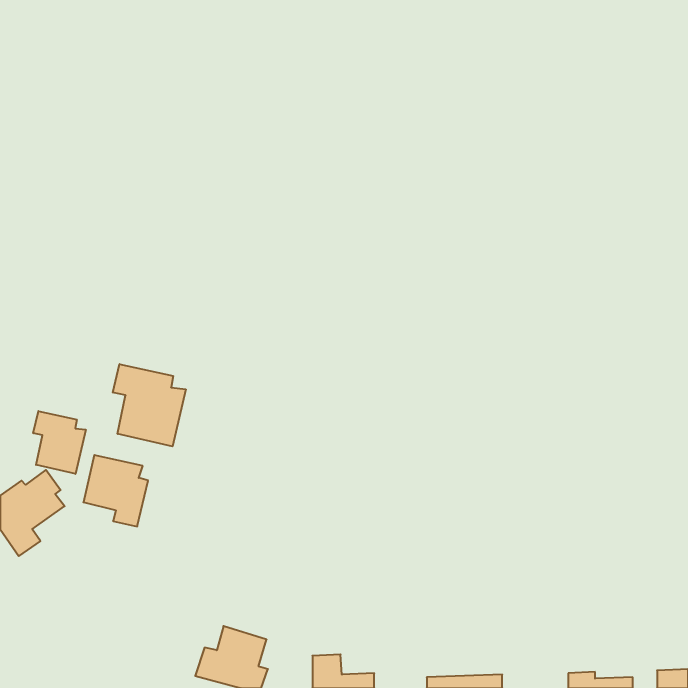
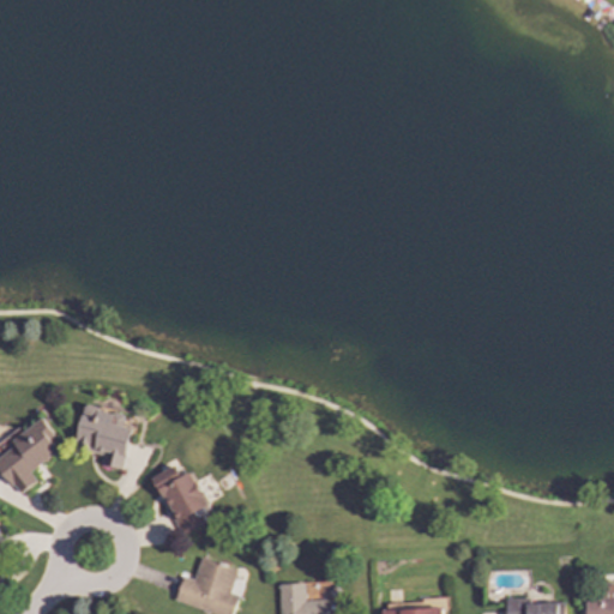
building: [113,364,186,446] -> none
building: [33,411,86,474] -> none
building: none -> [152,465,210,536]

